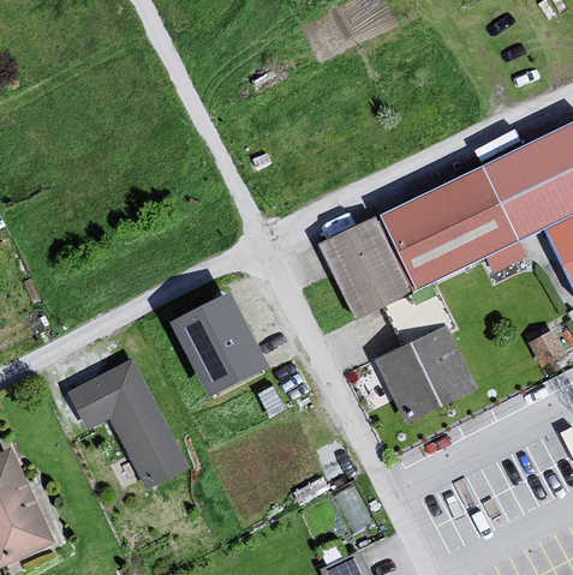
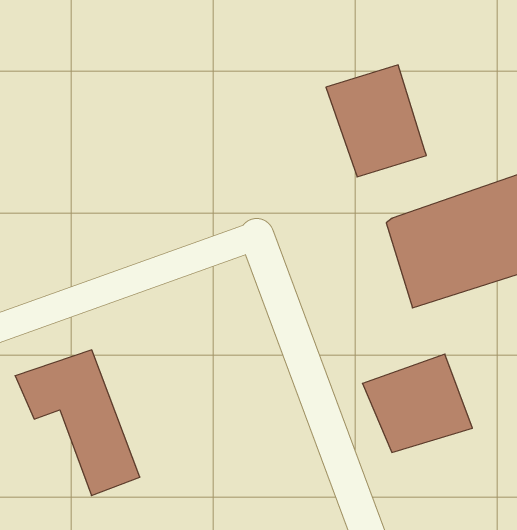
building: [316,217,412,321] -> [326,65,426,177]
building: [178,294,269,399] -> none

